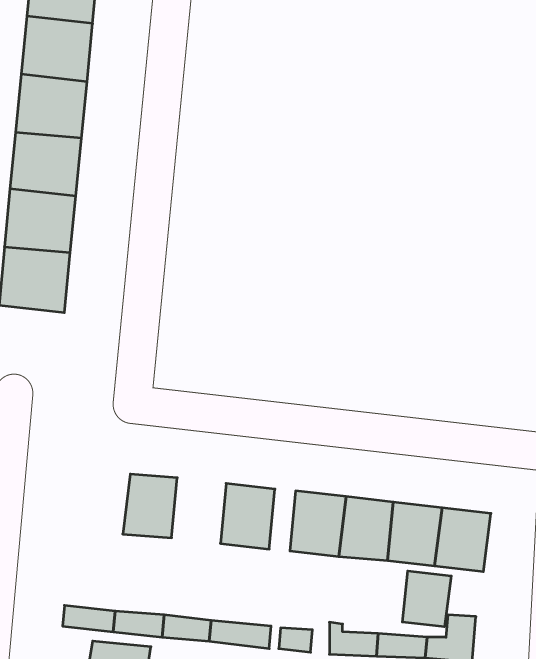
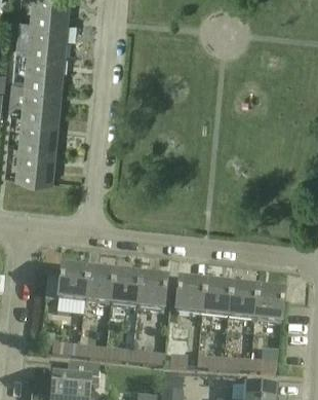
building: none -> [57,269,88,305]
building: none -> [111,275,141,311]
building: [402,571,451,627] -> none

